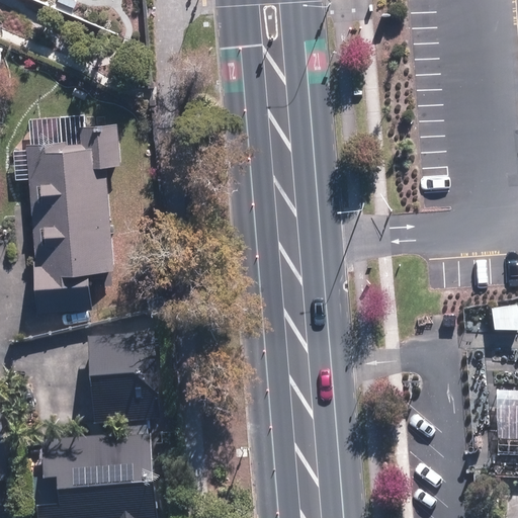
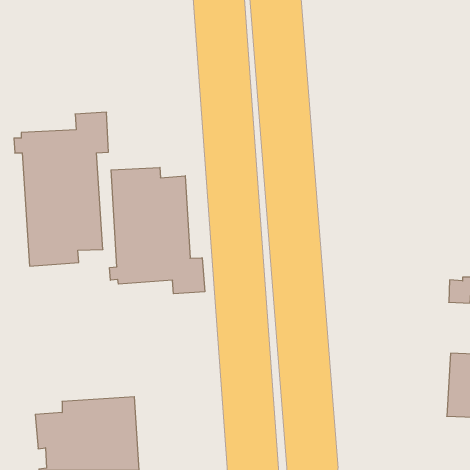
building: none -> [110,167,205,294]
building: [87,335,153,427] -> none

